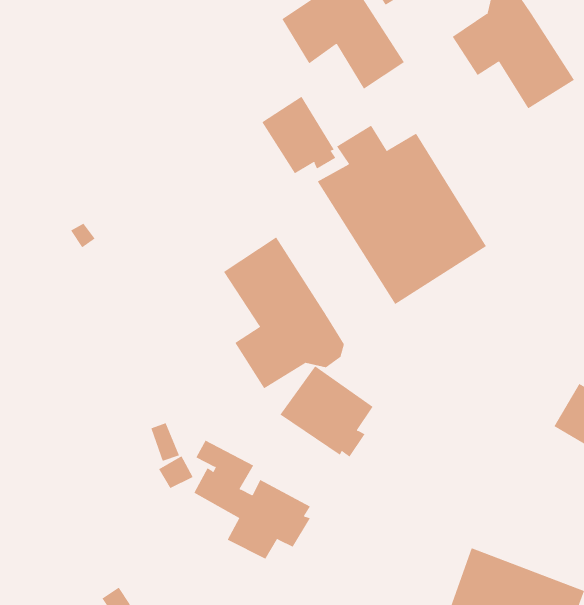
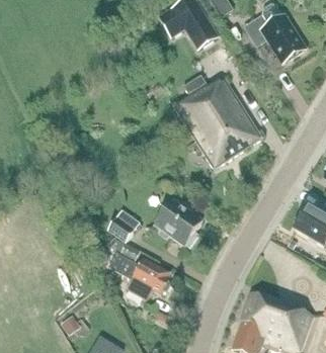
building: [261,96,336,174] -> none
building: [223,236,344,389] -> none
building: none -> [107,210,140,243]

